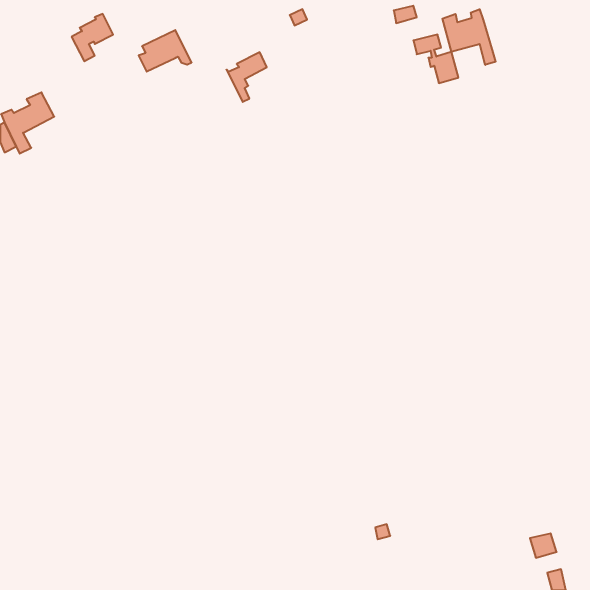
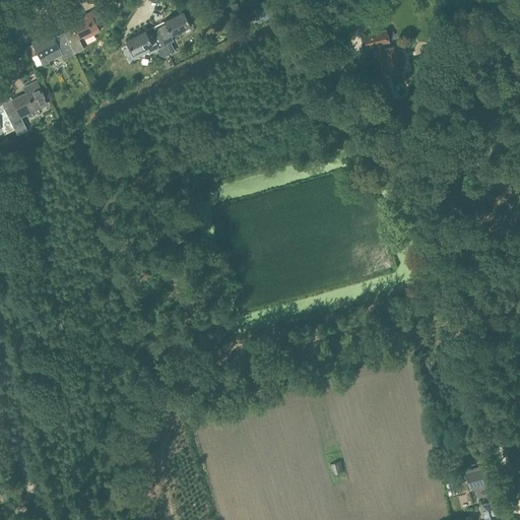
building: [442,9,496,65] -> none
building: none -> [30,32,74,66]
building: [226,52,267,102] -> [154,11,190,55]

